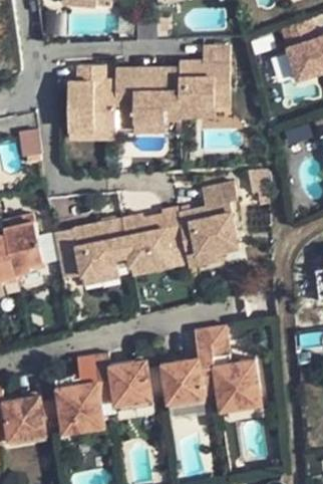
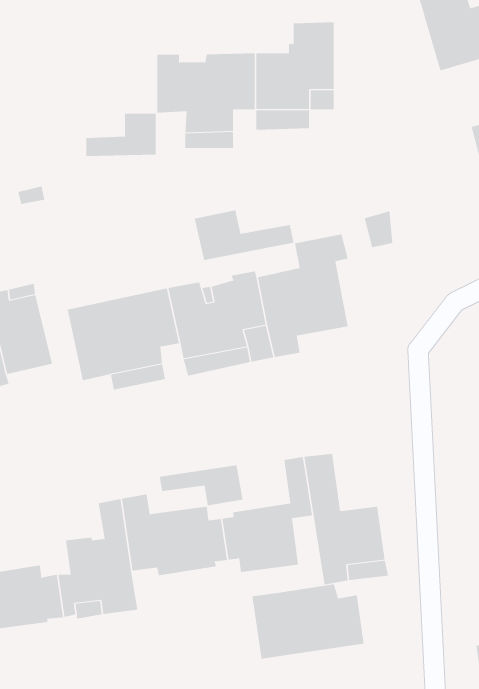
building: [65,64,111,124] -> none
building: none -> [194,209,294,261]
building: none -> [159,465,243,506]
building: none -> [252,583,364,660]

